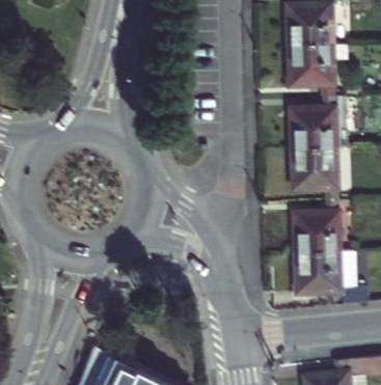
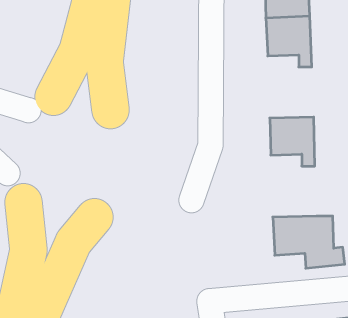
building: [291,95,337,148] -> none
building: [294,198,341,251] -> none

